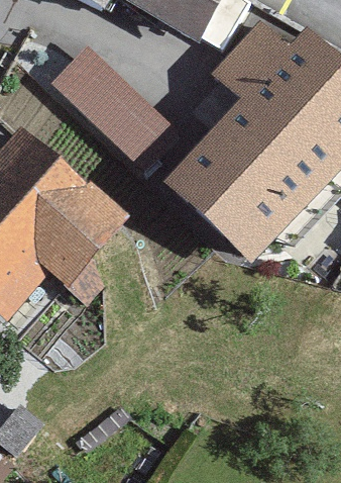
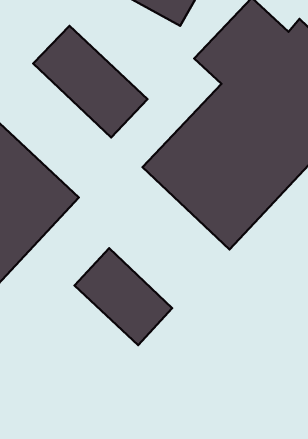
building: none -> [74,248,172,345]

